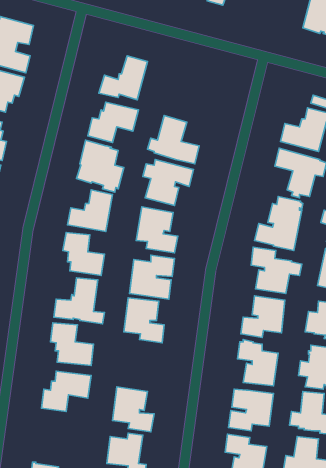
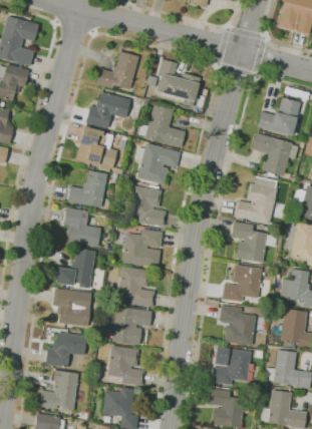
building: none -> [157,59,200,106]
building: none -> [105,307,150,345]
building: none -> [39,370,78,411]

